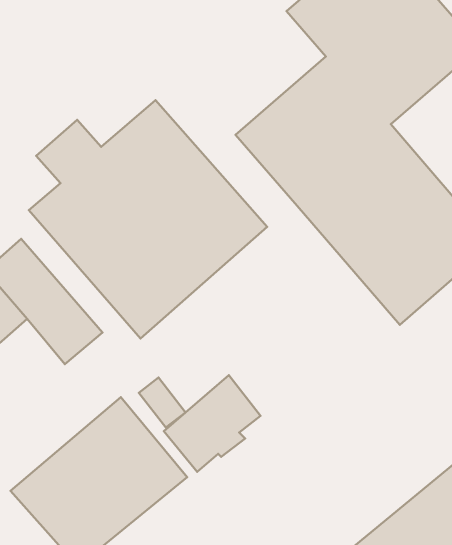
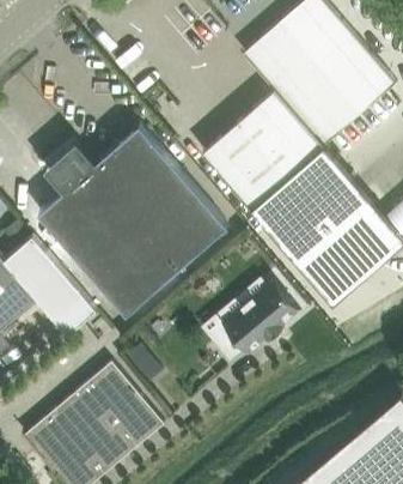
building: [164,375,260,472] -> [220,279,297,356]

